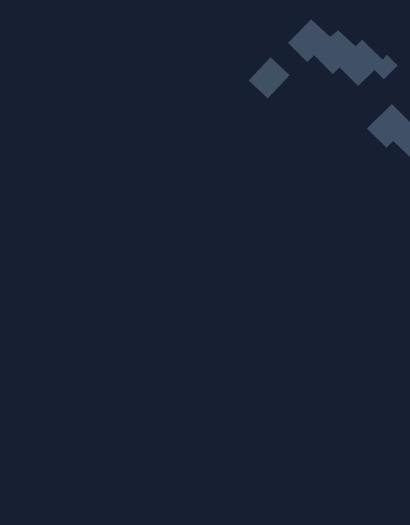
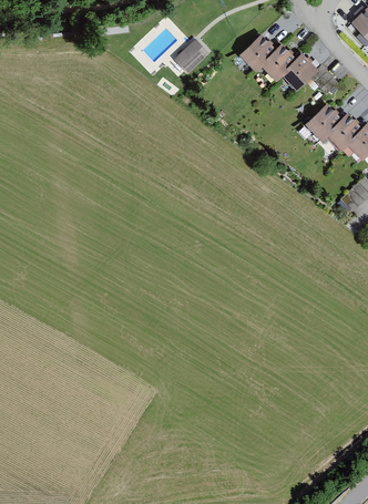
building: [248,56,291,99] -> [172,39,207,74]

